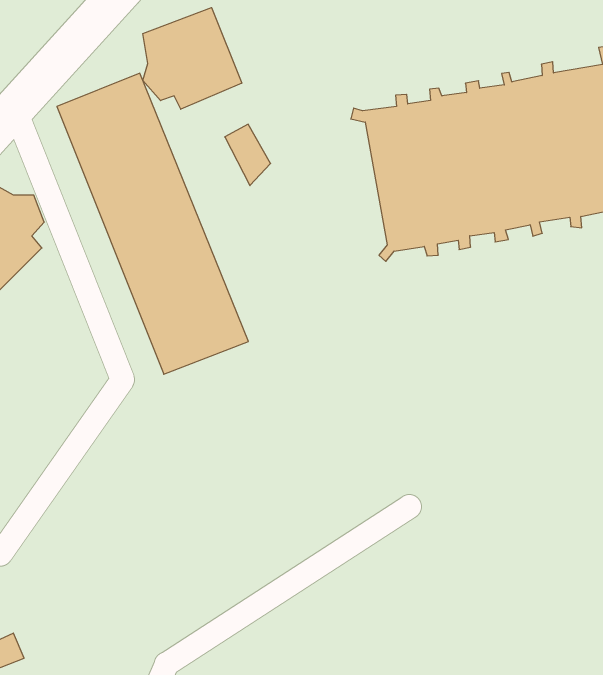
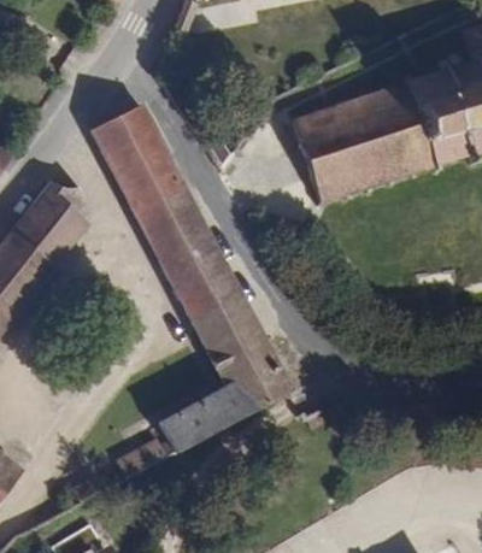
building: [143,8,242,109] -> none
building: none -> [118,270,293,476]

